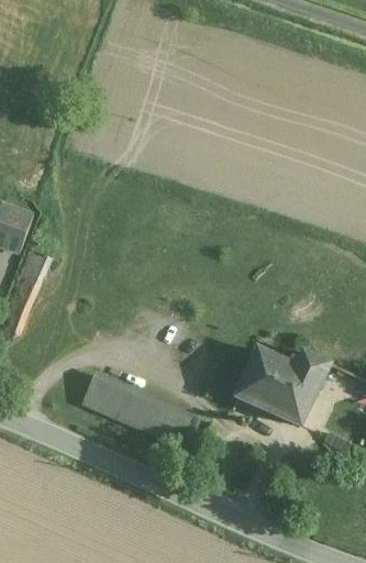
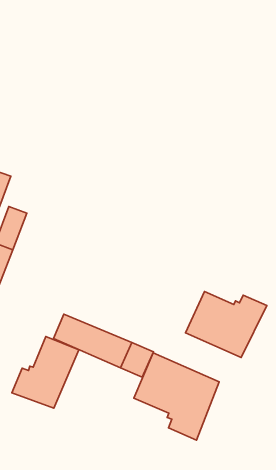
building: none -> [12,336,79,408]
building: none -> [134,353,219,440]

